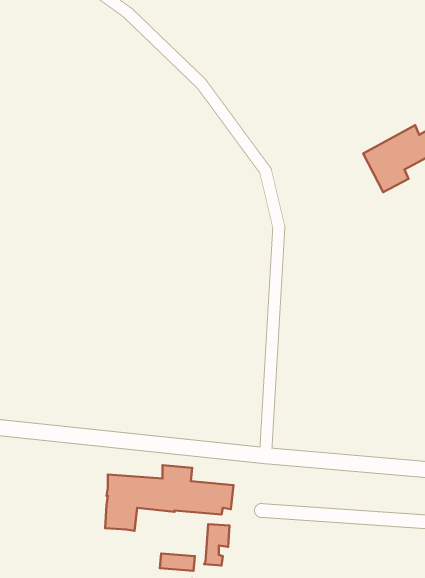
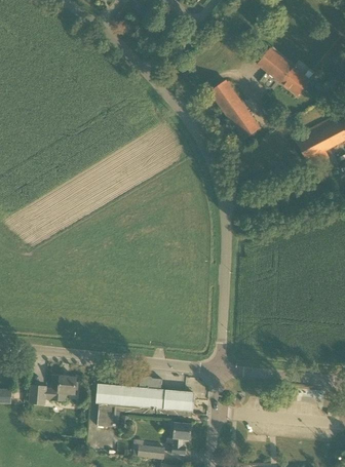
building: none -> [258,48,308,94]
building: none -> [209,80,260,140]
building: none -> [30,376,77,403]

